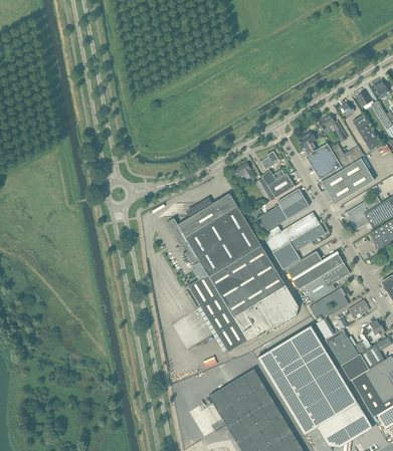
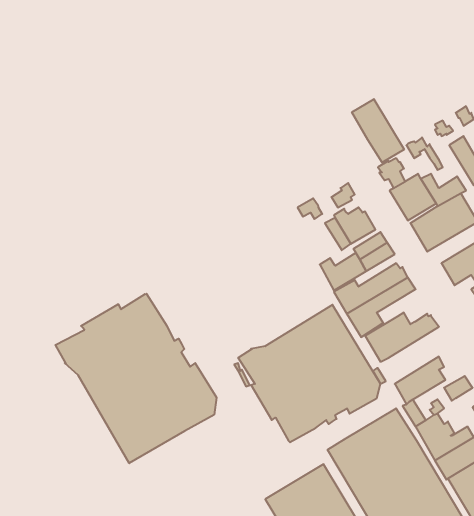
building: none -> [352,99,404,163]
building: [166,193,261,279] -> none
building: none -> [55,294,216,463]
building: [305,262,350,301] -> none

